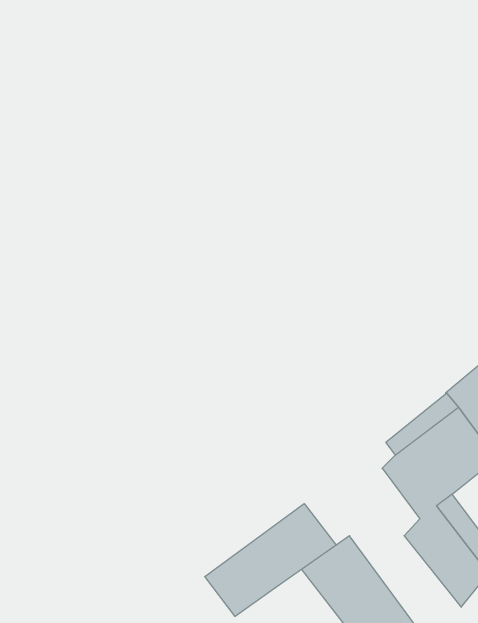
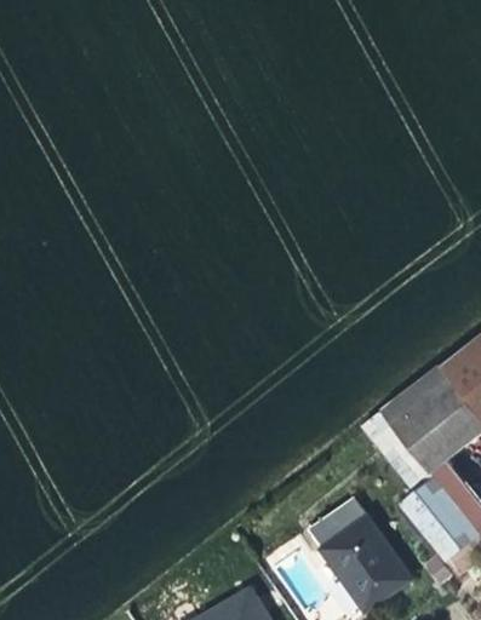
building: [205,504,336,616] -> none

